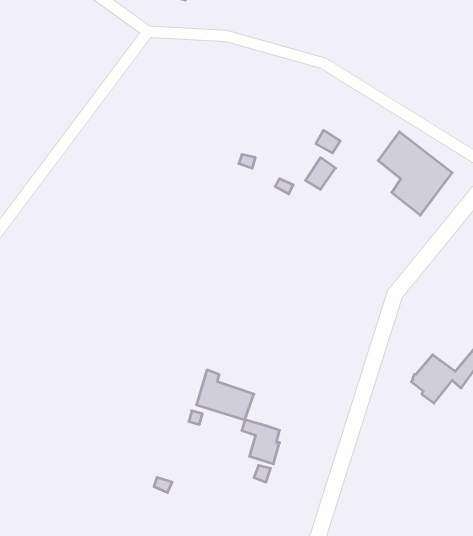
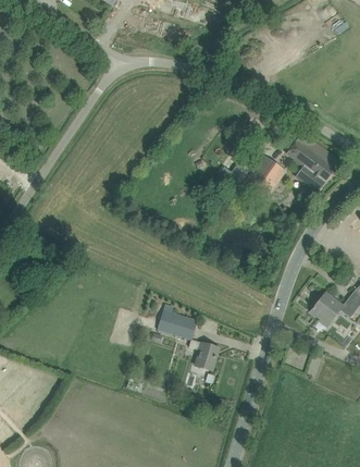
building: none -> [240,153,284,199]

